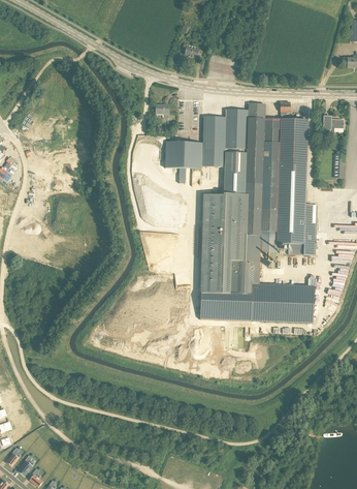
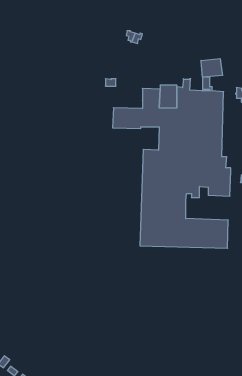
building: none -> [201,59,223,77]

